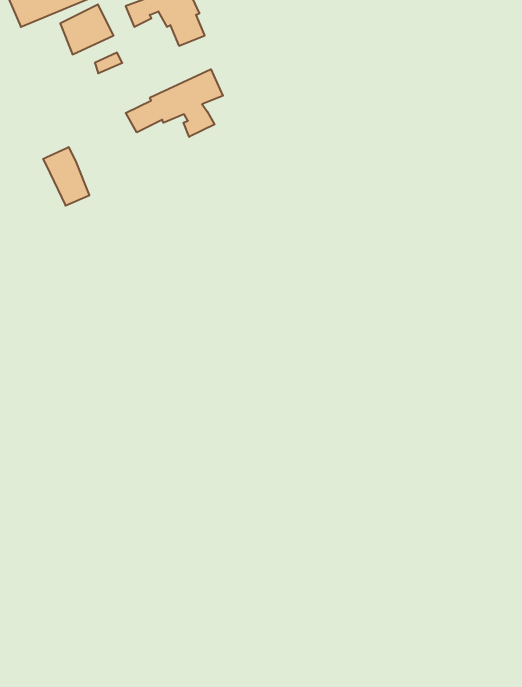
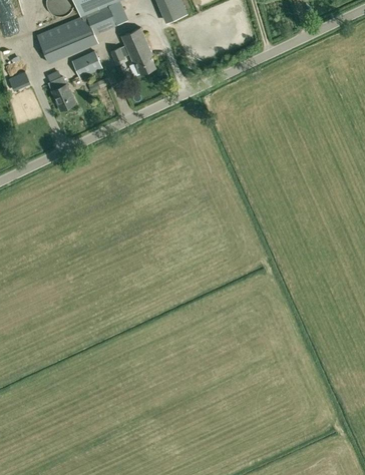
building: [126,69,223,137] -> none
building: [43,147,89,206] -> [47,76,74,110]

